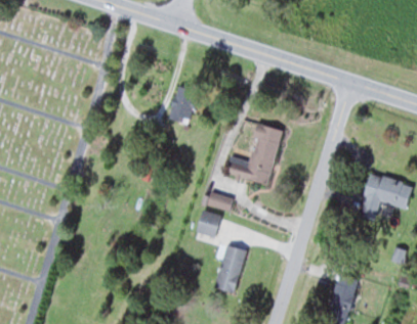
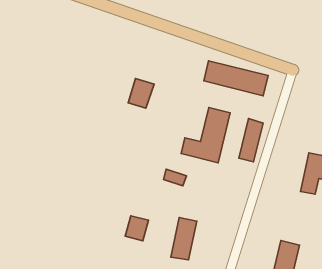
building: none -> [204,61,268,96]
building: none -> [239,118,263,162]
building: [196,210,221,237] -> [125,216,148,241]

